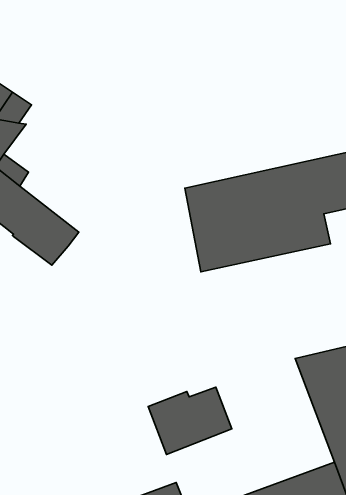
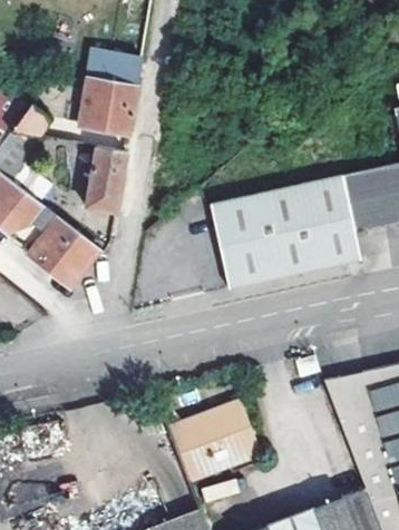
building: none -> [78,50,143,136]
building: none -> [82,146,126,216]

